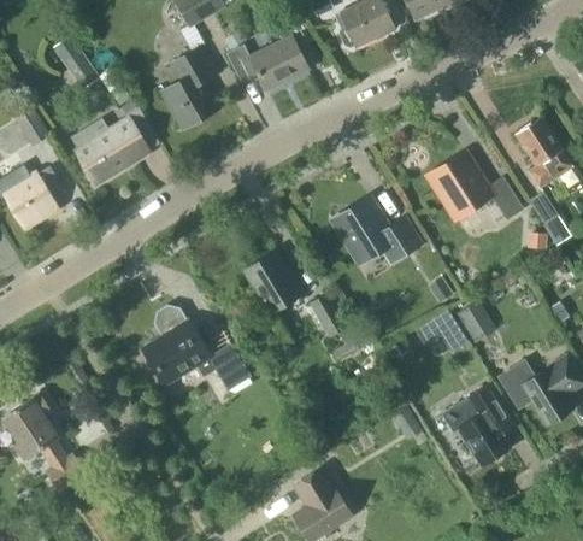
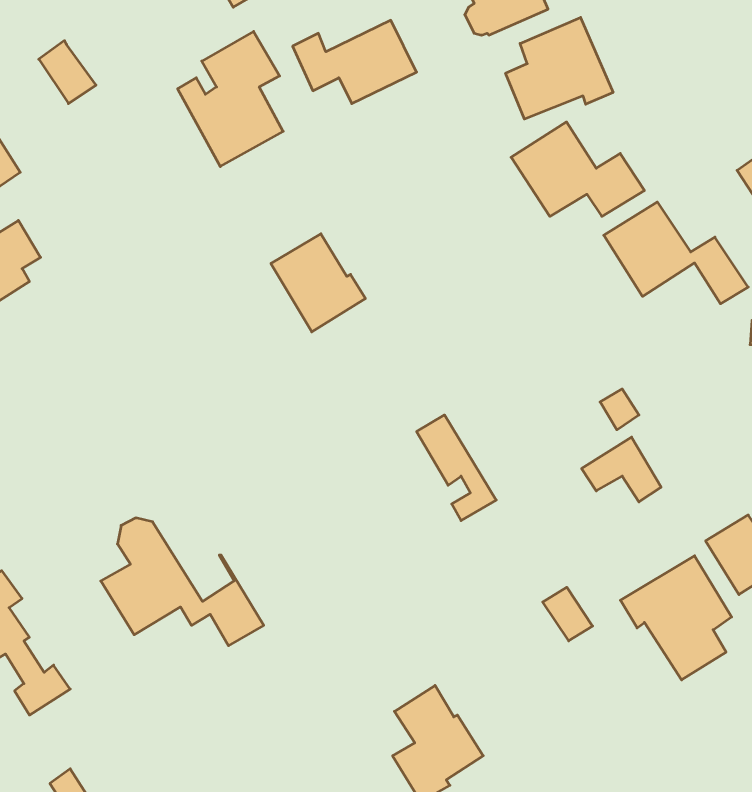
building: none -> [506,17,613,119]
building: [70,107,154,182] -> none
building: [332,199,419,260] -> [511,122,644,216]
building: [241,251,302,314] -> [271,234,365,332]
building: [455,299,495,342] -> none
building: [143,306,249,389] -> [101,518,264,646]

